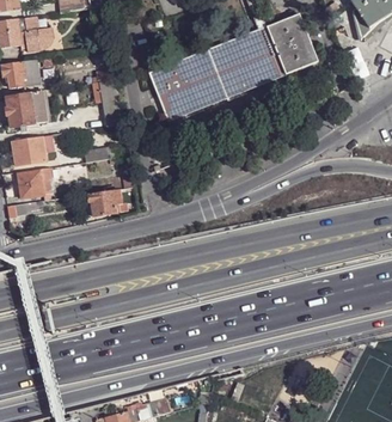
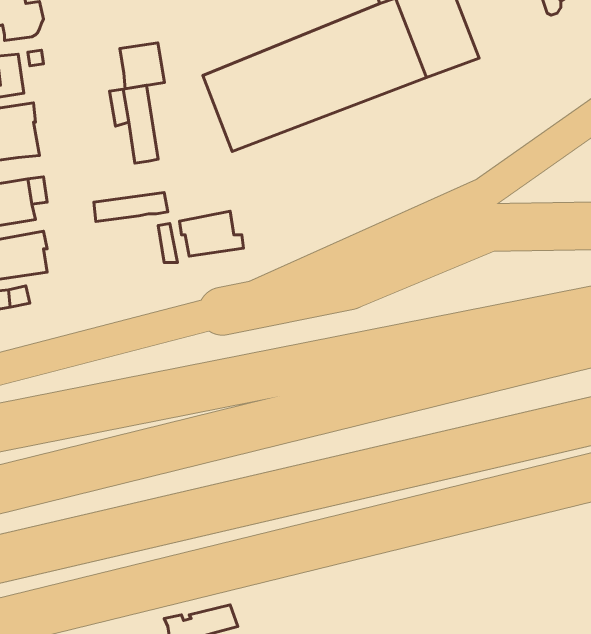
building: none -> [120,43,165,89]
building: [87,188,127,215] -> [179,211,244,256]

